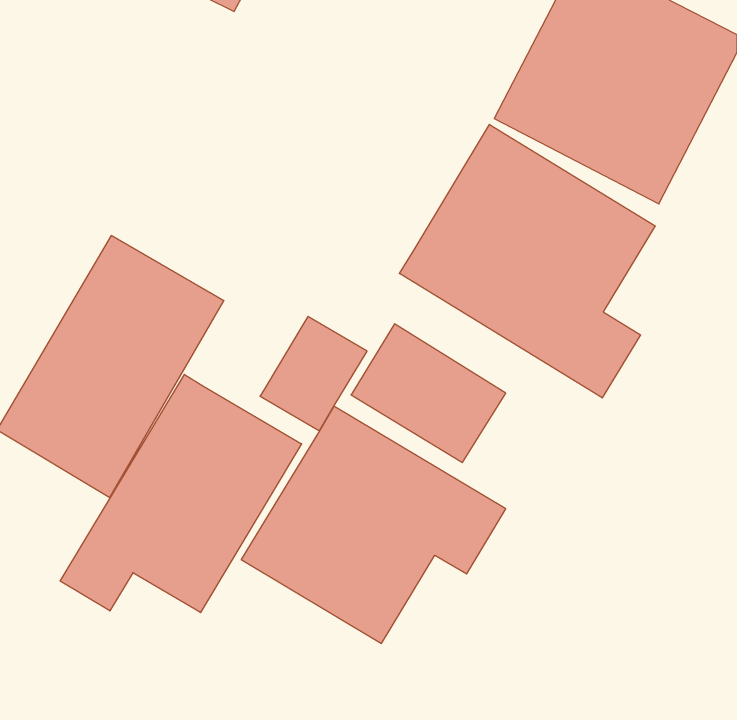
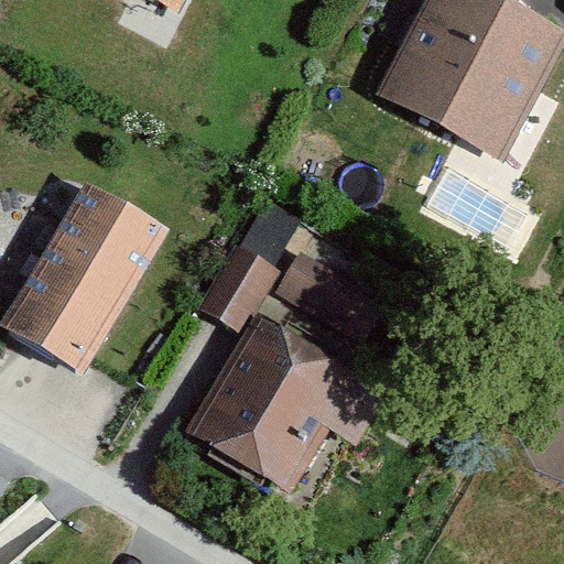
building: [399,124,655,398] -> none
building: [60,374,302,613] -> none

